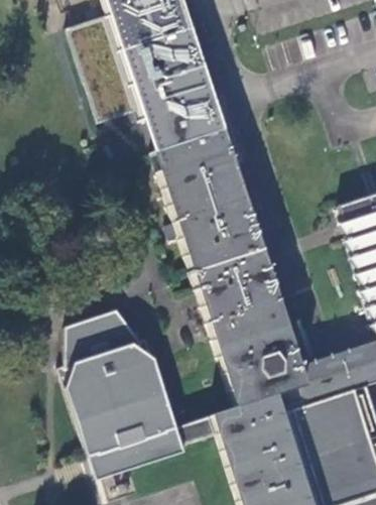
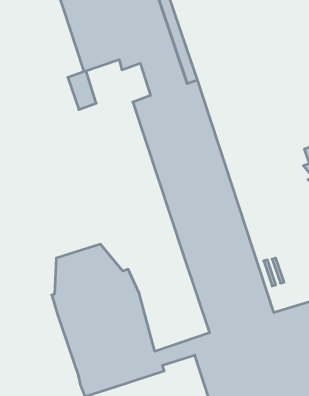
building: [144,115,175,157] -> [68,71,96,110]

